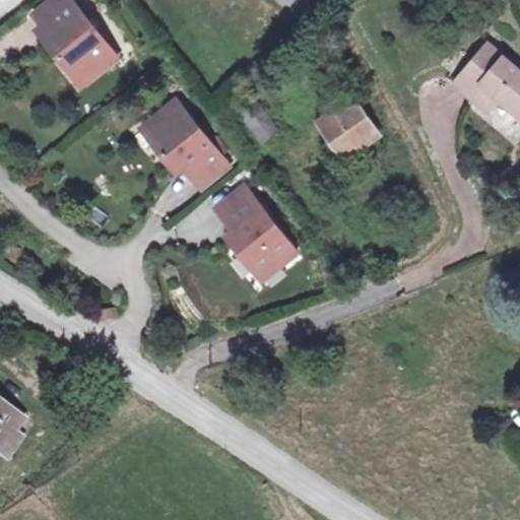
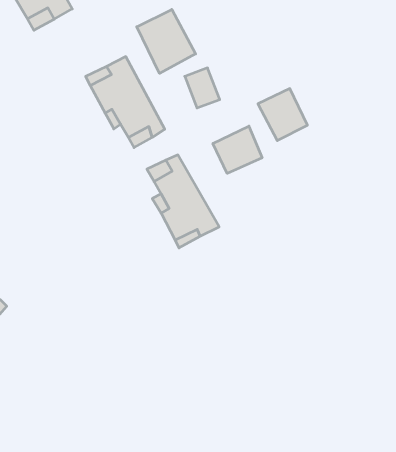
building: none -> [137,9,196,73]
building: none -> [213,126,262,173]

